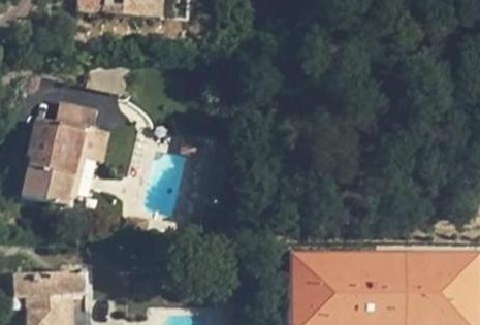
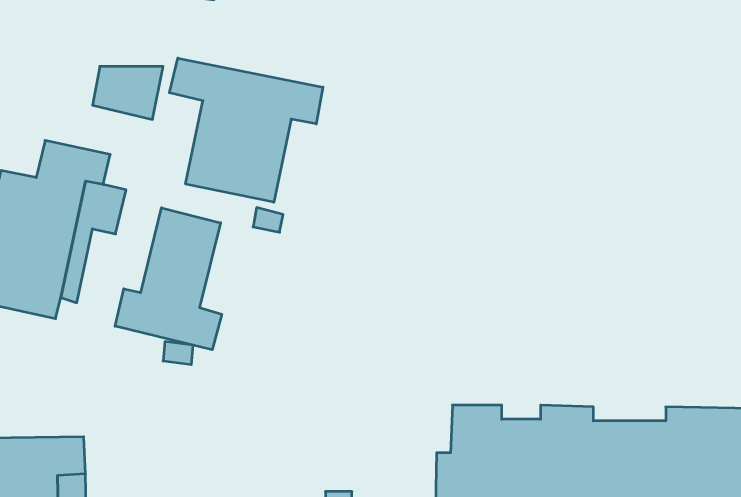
building: none -> [169,58,323,202]
building: none -> [115,208,222,350]

